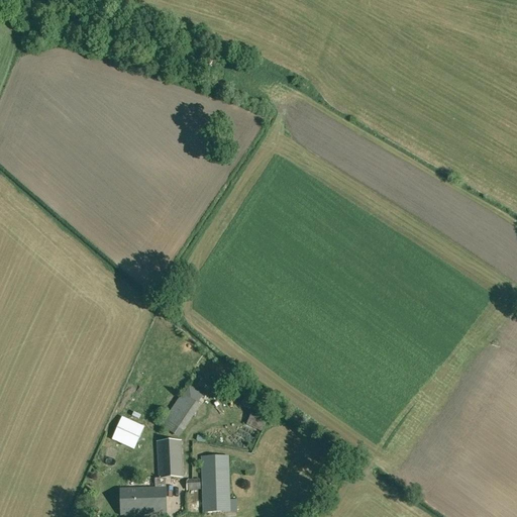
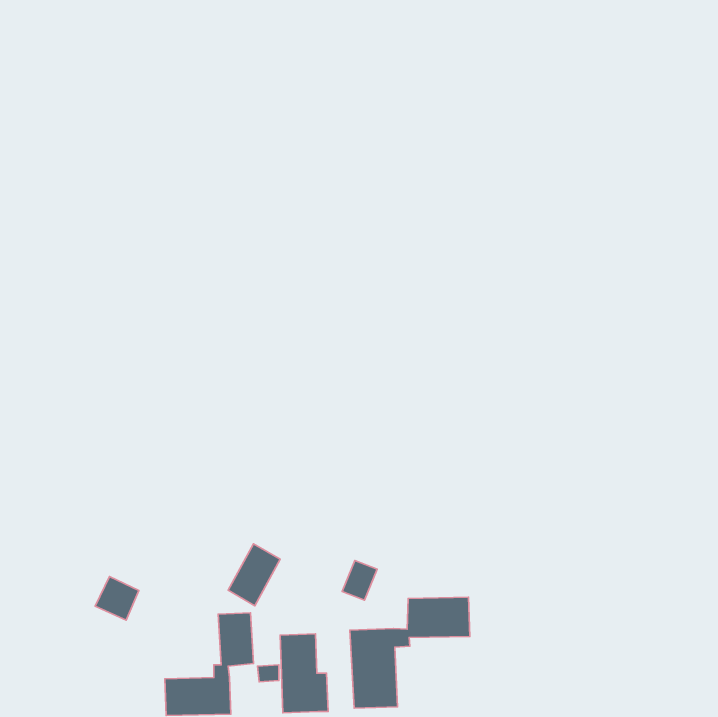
building: [111,416,142,447] -> [95,576,139,620]
building: none -> [350,597,470,708]

